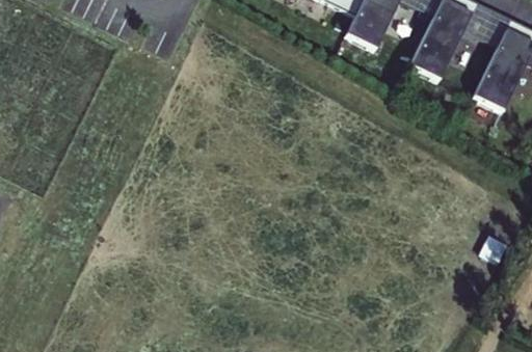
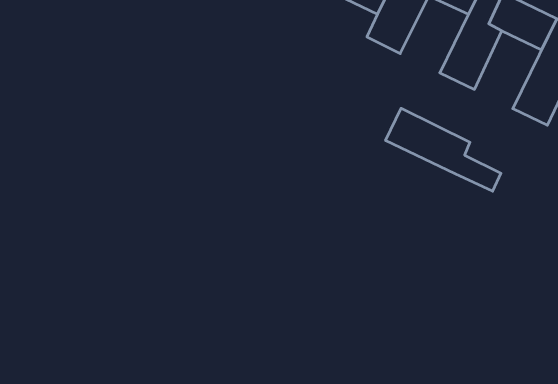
building: none -> [386,108,501,191]

